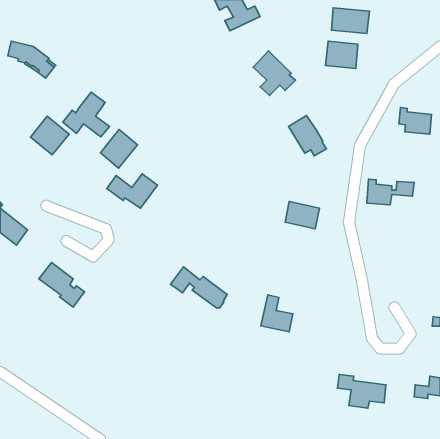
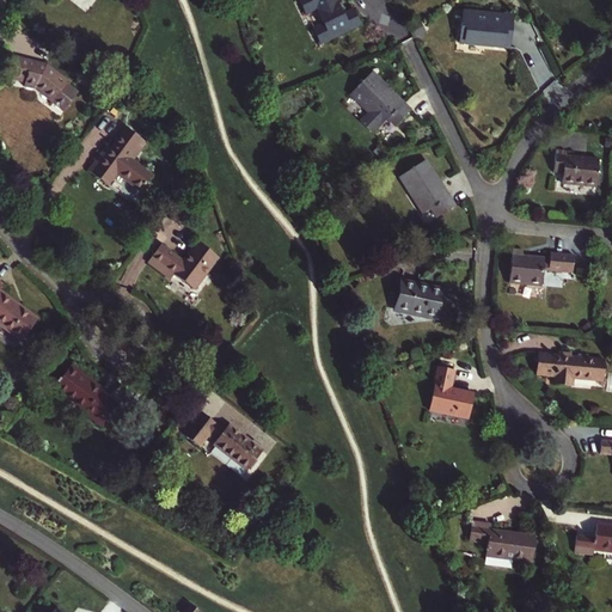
building: [325,41,358,68] -> none
building: [31,116,69,155] -> none
building: [100,130,137,168] -> none
building: none -> [536,353,605,385]
building: [170,267,227,308] -> [184,411,263,469]
building: [261,295,293,332] -> [429,366,473,417]

